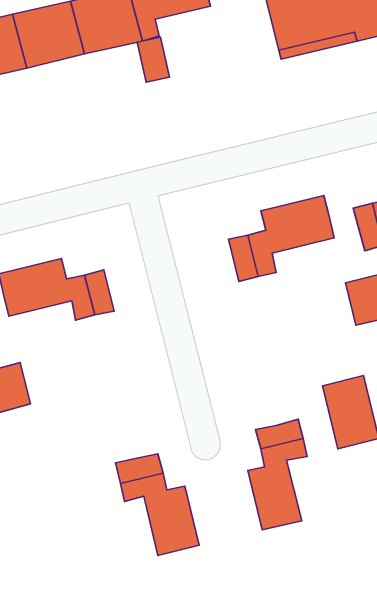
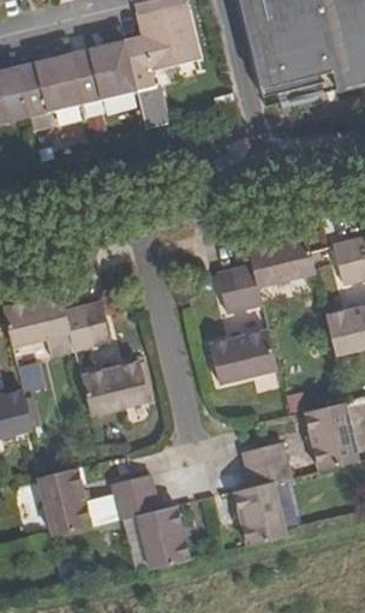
building: none -> [209,331,277,385]
building: none -> [82,362,148,415]
building: none -> [38,468,90,536]

